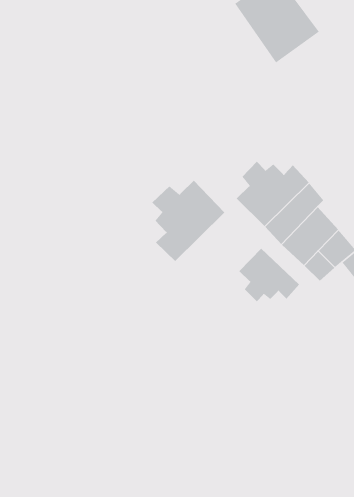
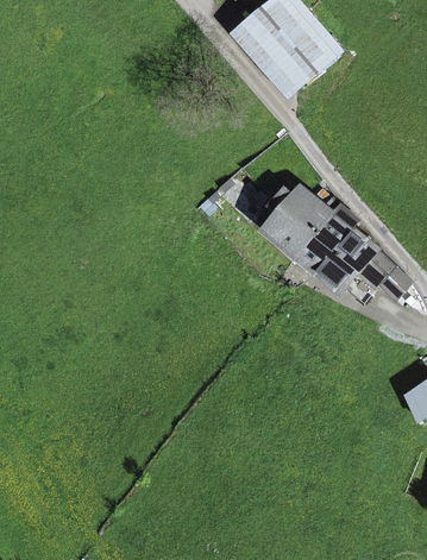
building: [152,180,225,262] -> none
building: [238,248,300,302] -> none

